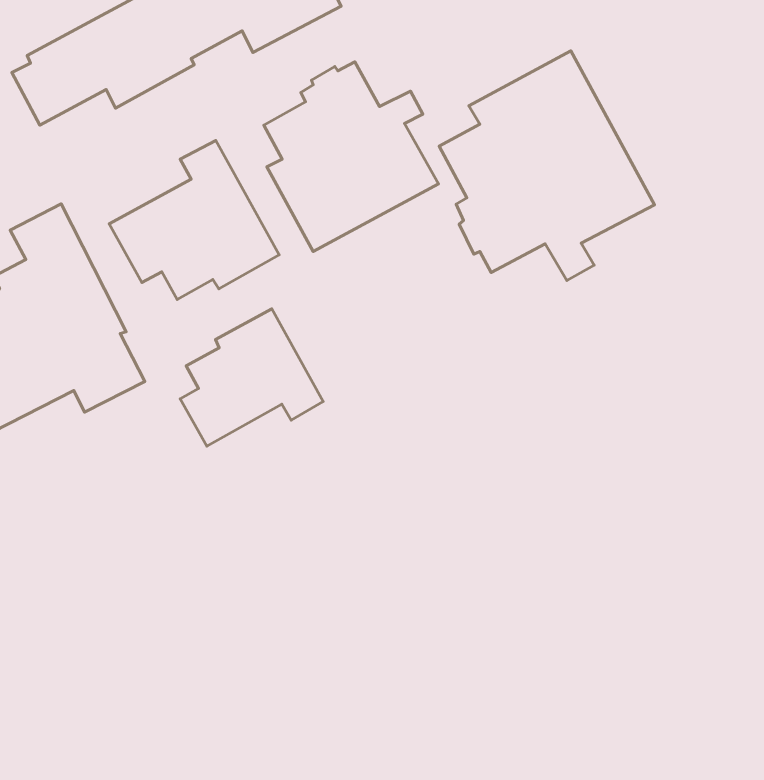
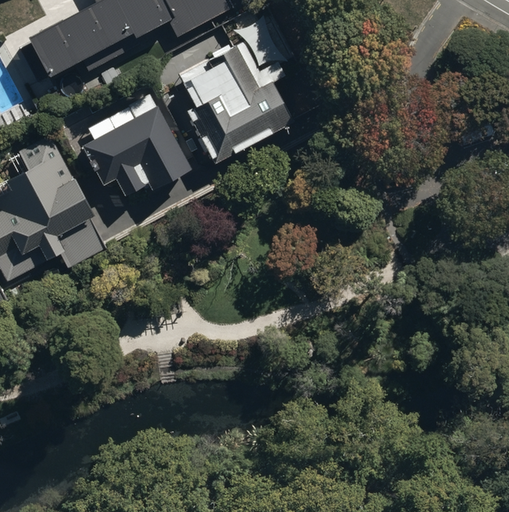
building: [439,51,655,280] -> none
building: [180,309,323,446] -> none

